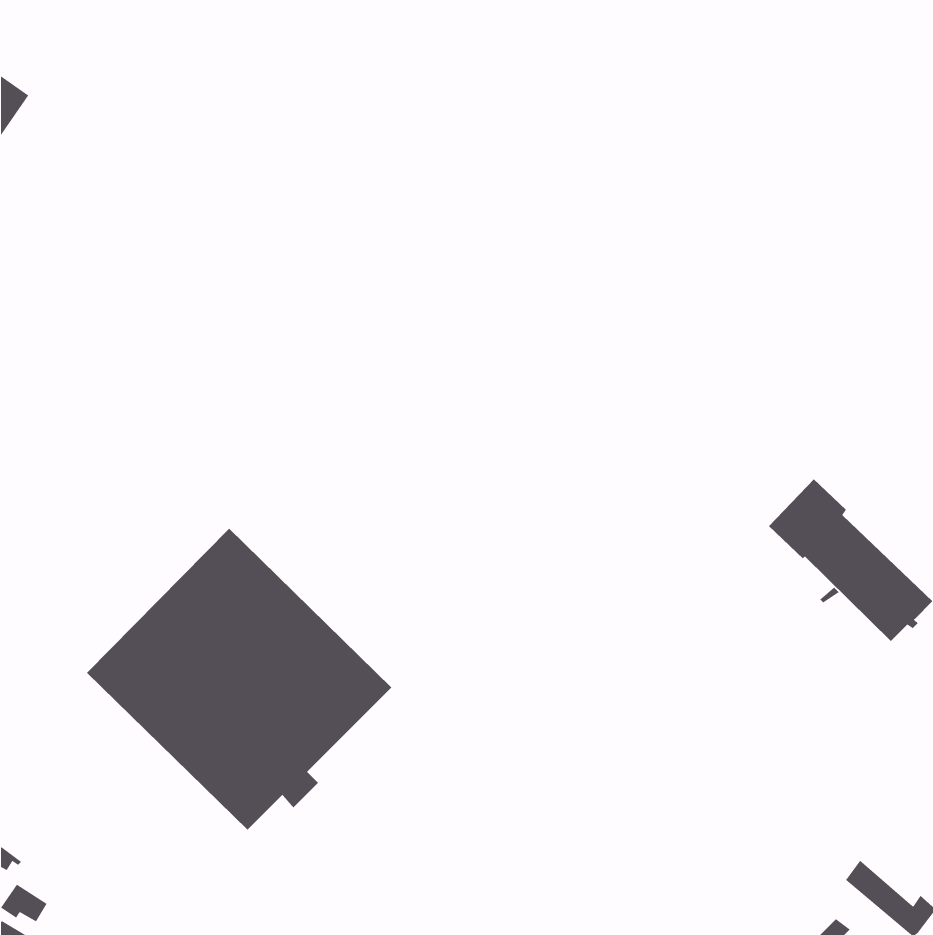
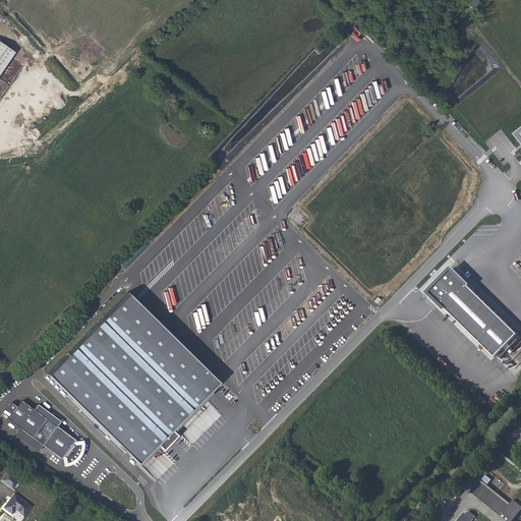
building: none -> [7,403,82,466]

